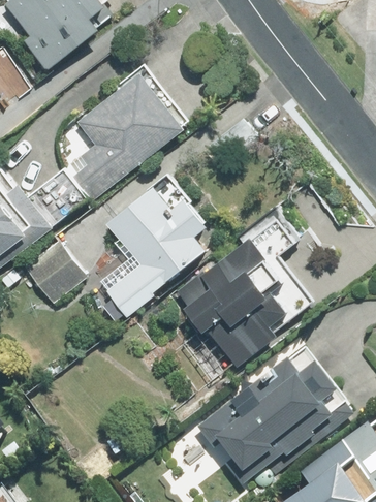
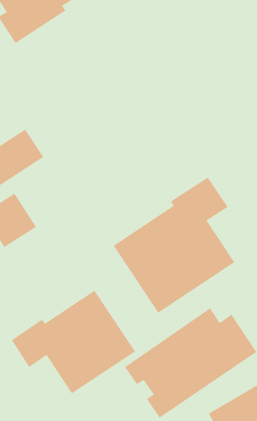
building: [67,66,191,199] -> none
building: [104,172,209,316] -> none
building: none -> [11,290,136,394]

